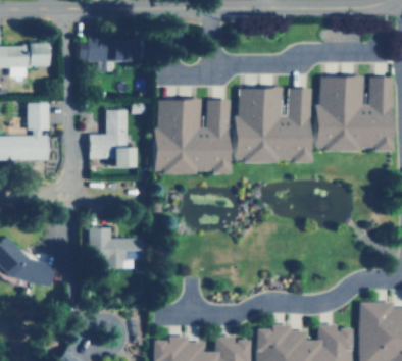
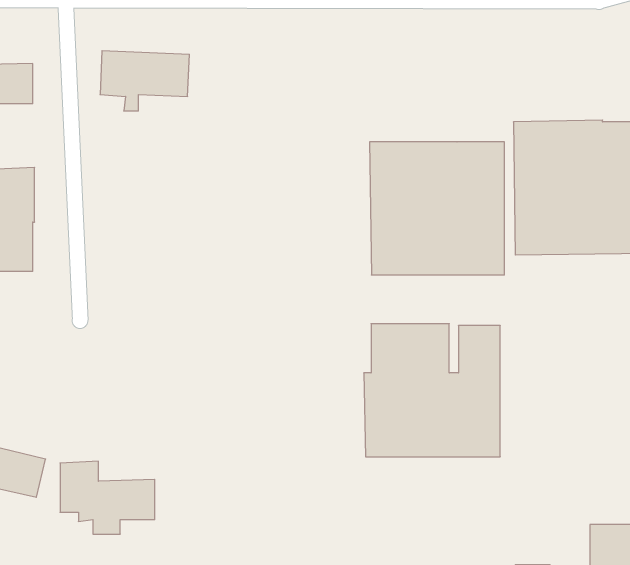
building: [154,99,231,173] -> [364,324,500,457]
building: [90,110,135,166] -> none
building: [90,227,143,268] -> [60,461,155,534]

